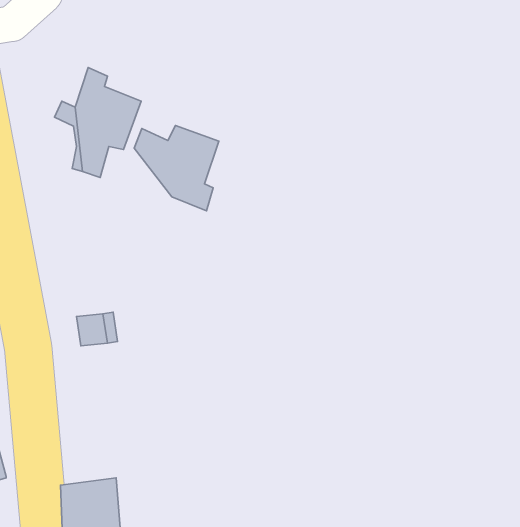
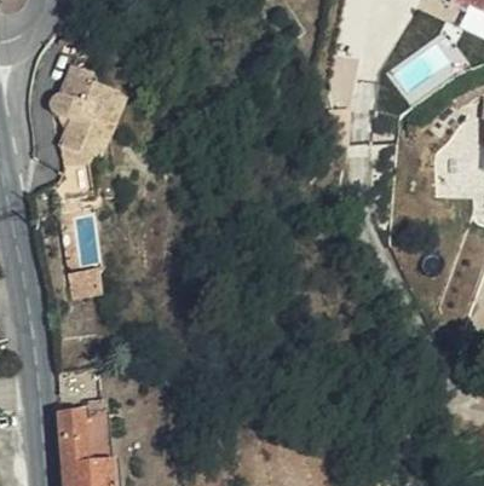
building: [134,125,219,211] -> none

